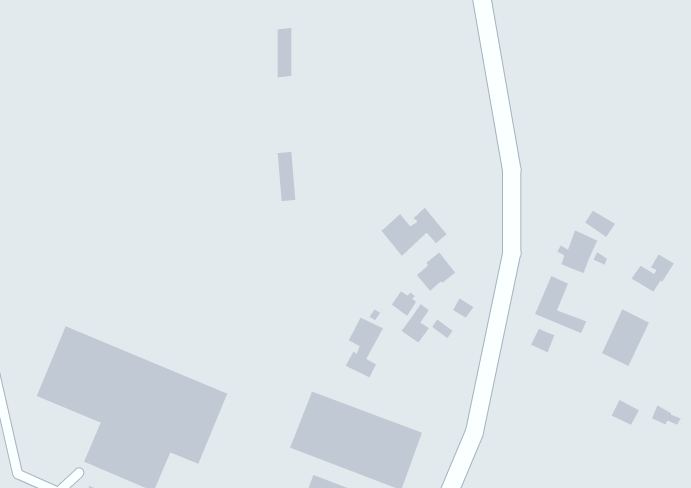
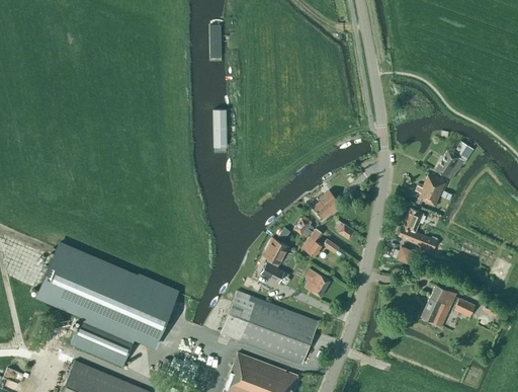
building: [381,207,448,257] -> none
building: [630,254,675,293] -> [441,141,473,169]
building: [601,309,650,367] -> [421,283,456,325]
building: none -> [305,267,330,296]

